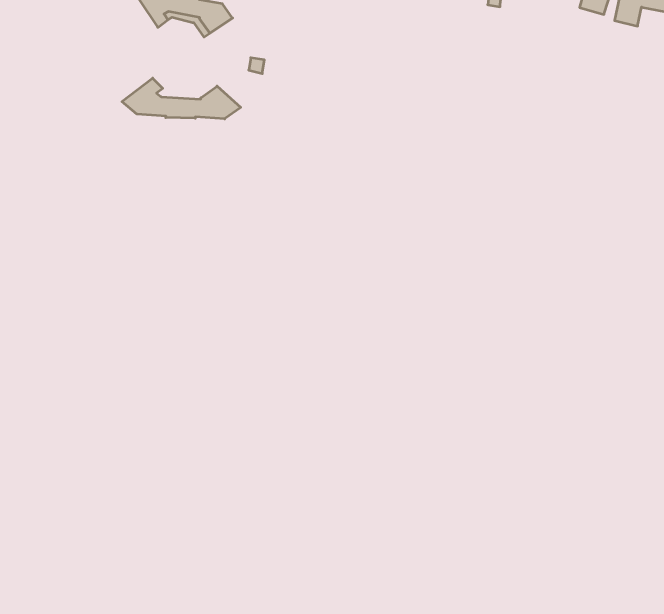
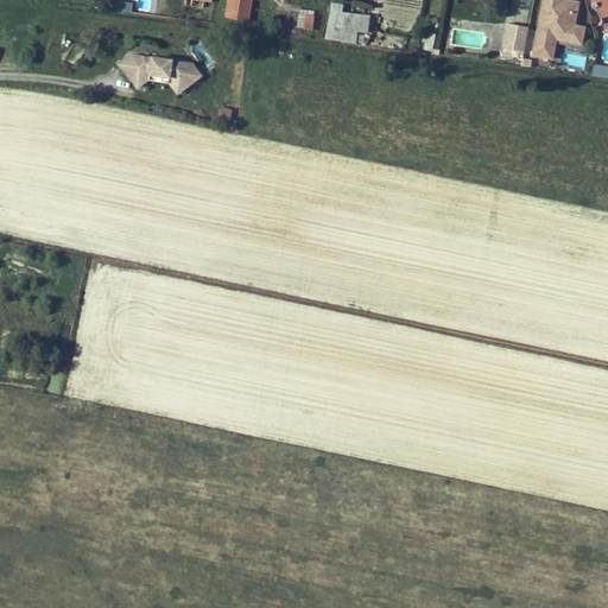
building: [122,78,241,119] -> none

